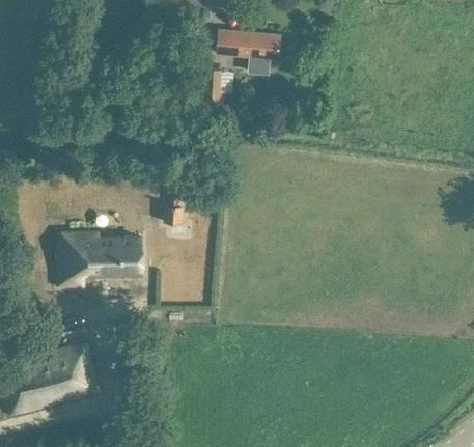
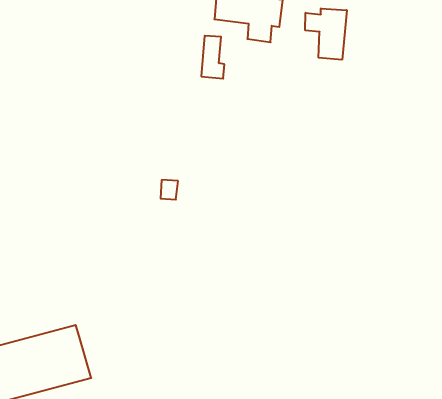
building: none -> [305,8,347,60]
building: [60,231,144,285] -> none

